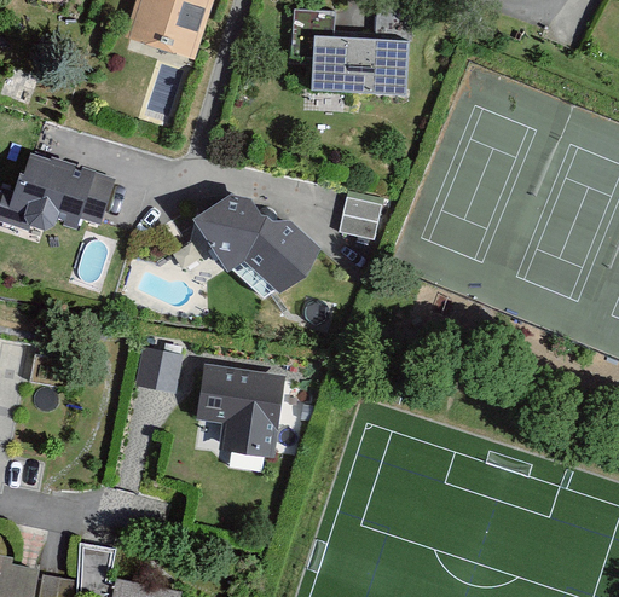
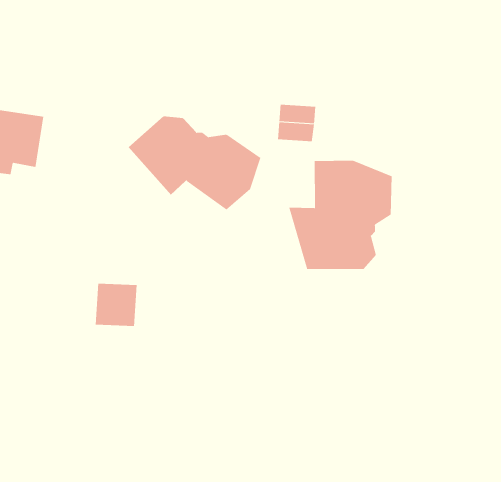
building: none -> [289,160,392,270]
building: [197,369,285,462] -> none

